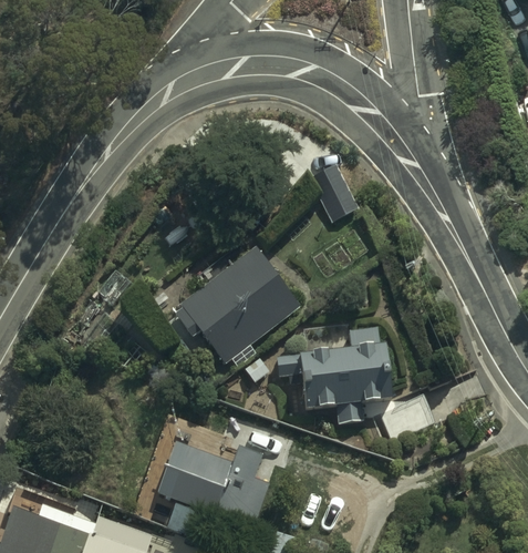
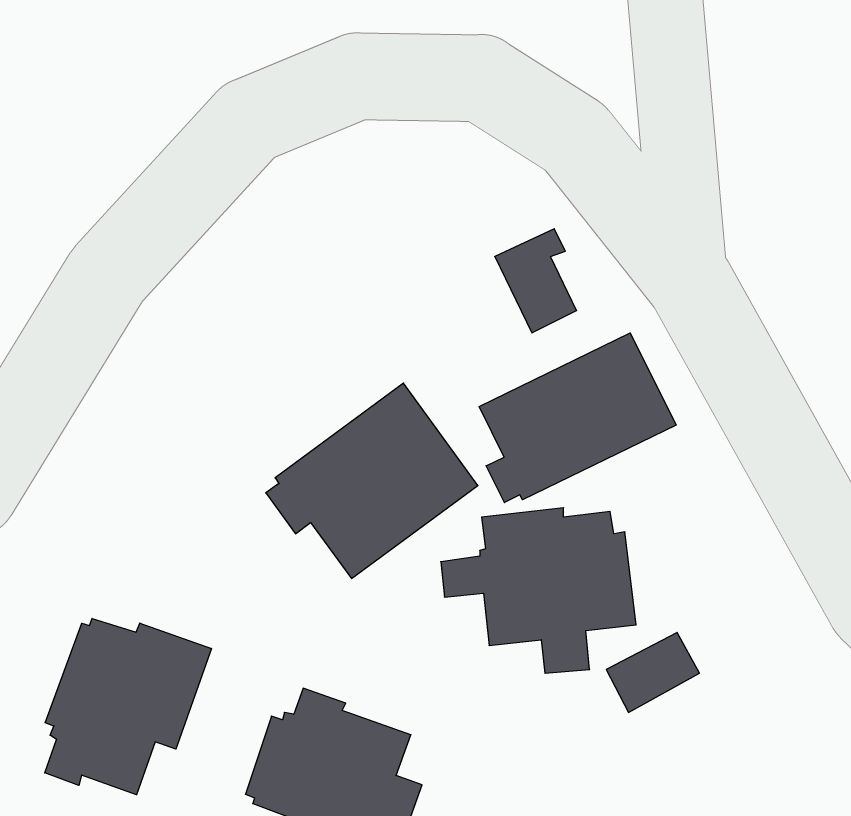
building: none -> [479,333,676,503]
building: none -> [45,618,211,795]

